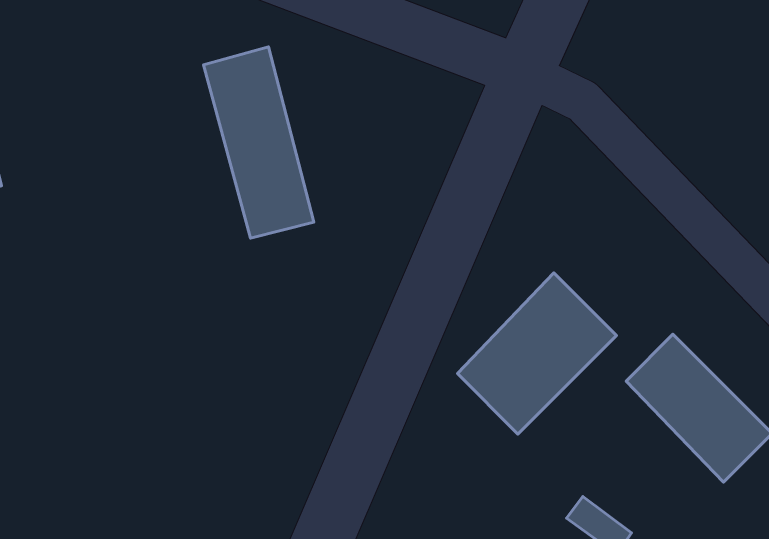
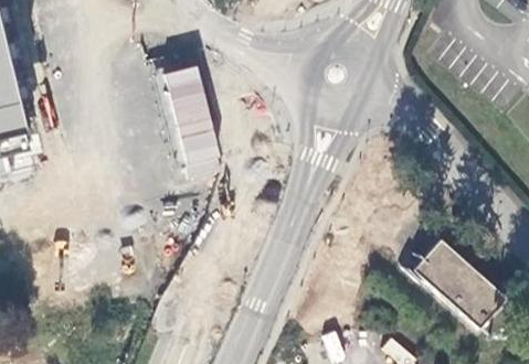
building: [458,273,616,434] -> none

